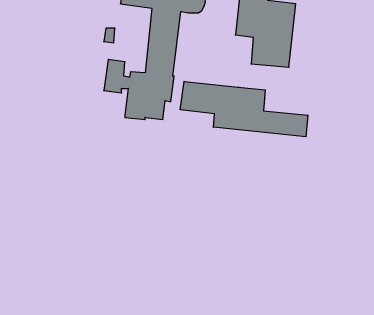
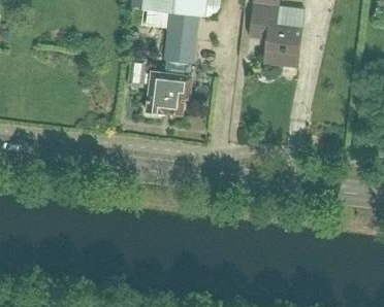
building: [180,81,308,137] -> none

